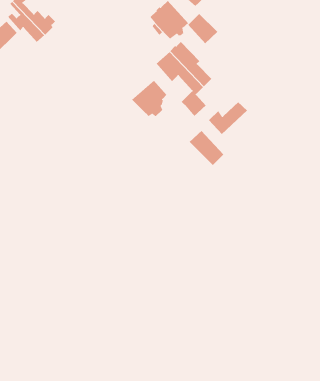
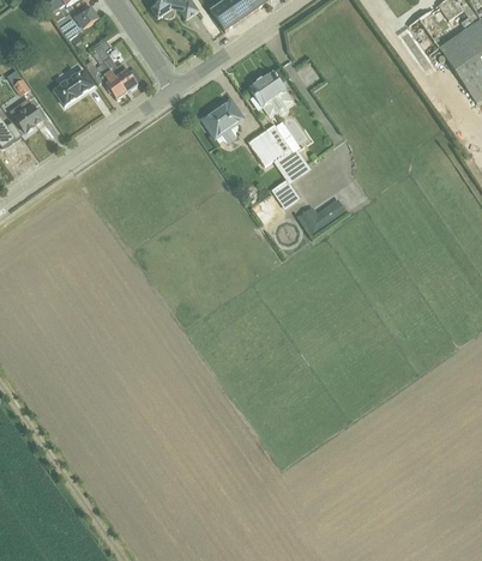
building: [187,13,218,44] -> none
building: [131,80,167,117] -> [203,98,245,141]
building: [189,130,224,166] -> none

